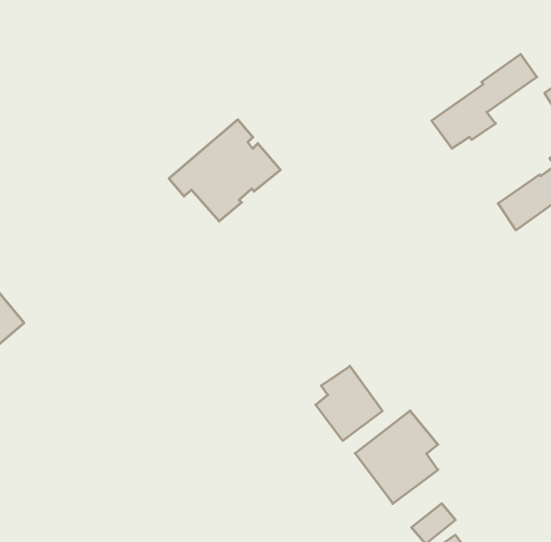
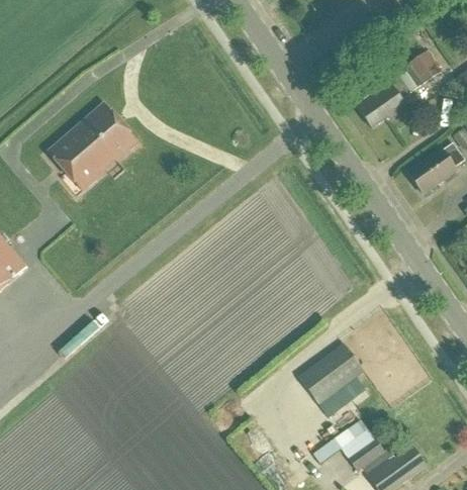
building: [169,120,280,221] -> [49,103,138,185]
building: [316,366,382,441] -> none

